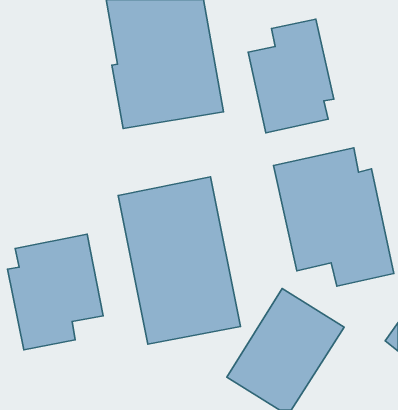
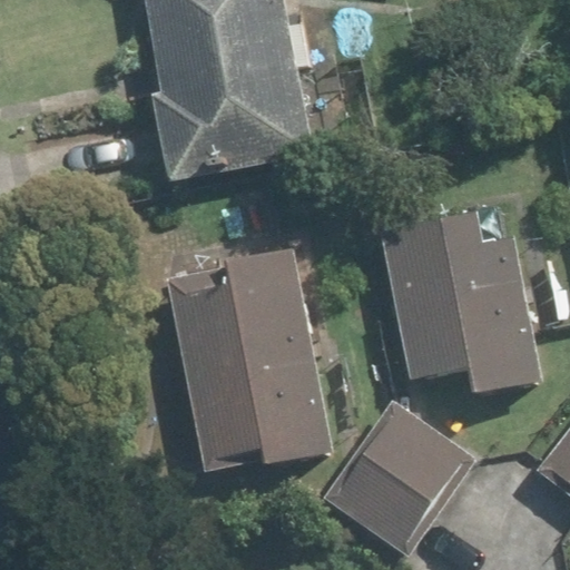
building: [248,19,334,133] -> none
building: [8,234,103,350] -> none

